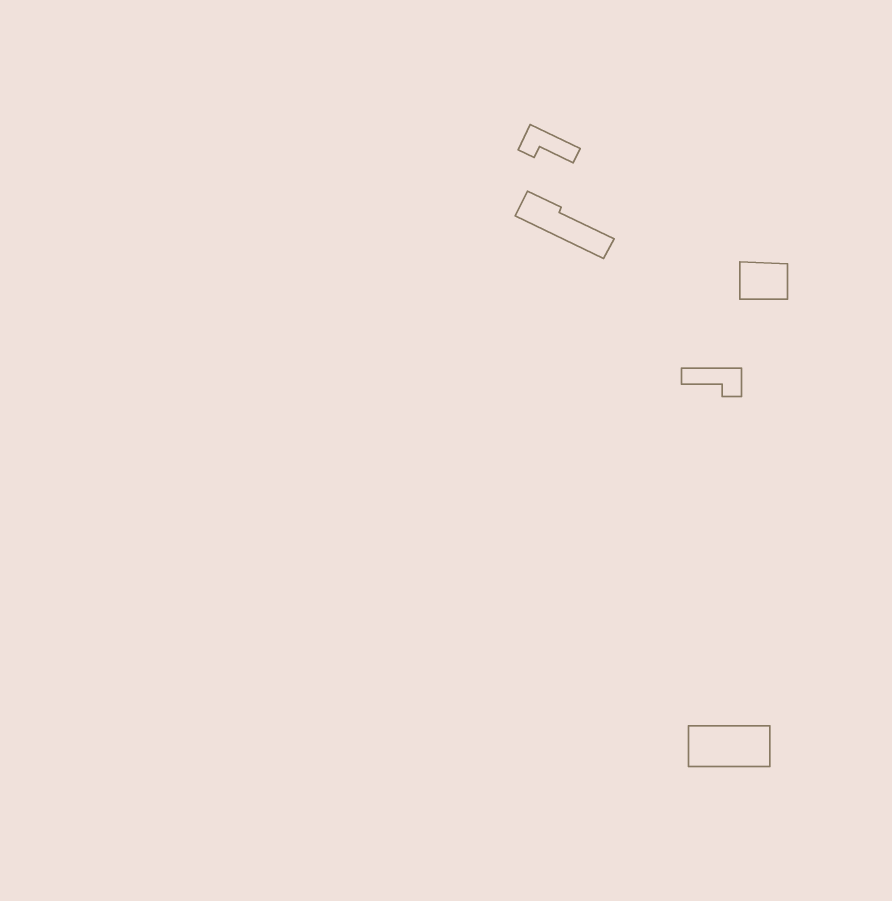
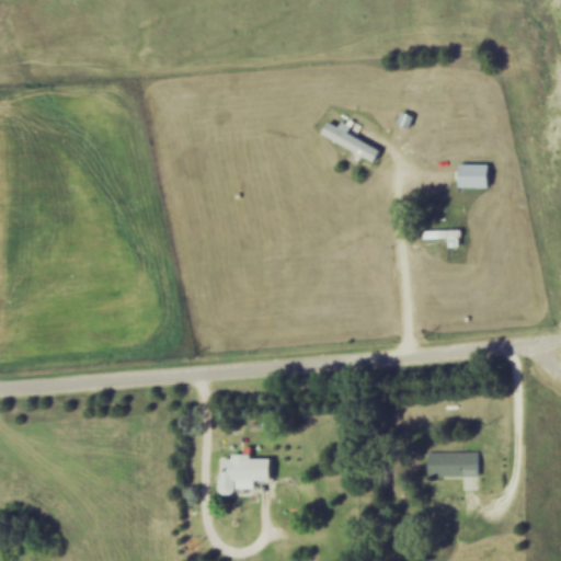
building: [518,124,580,163] -> none
building: none -> [219,456,270,494]

